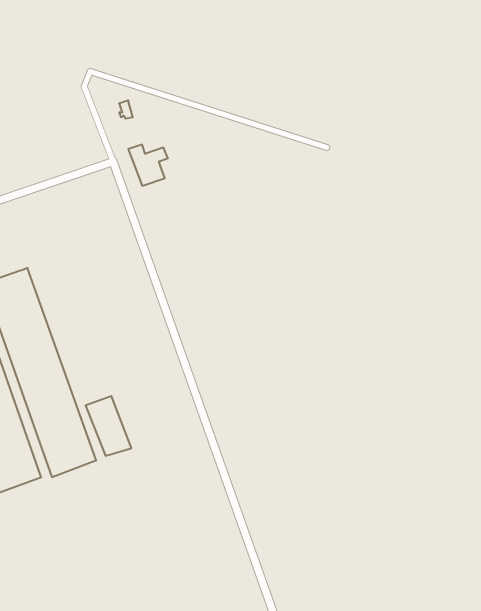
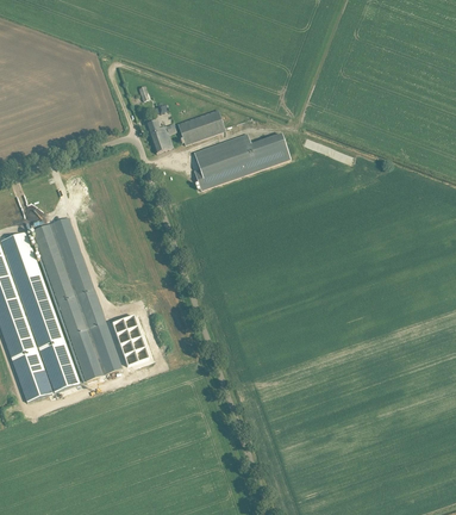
building: none -> [177,108,225,144]
building: none -> [193,134,291,191]

